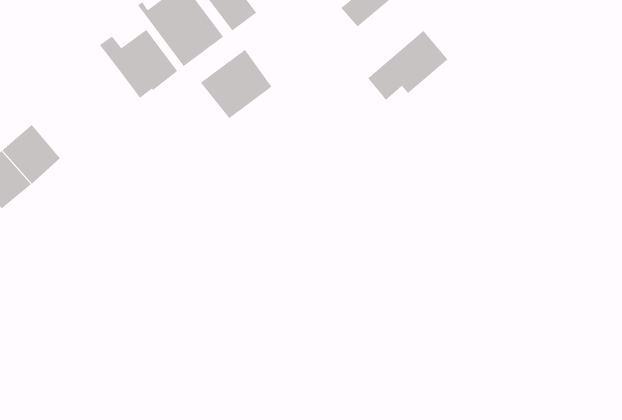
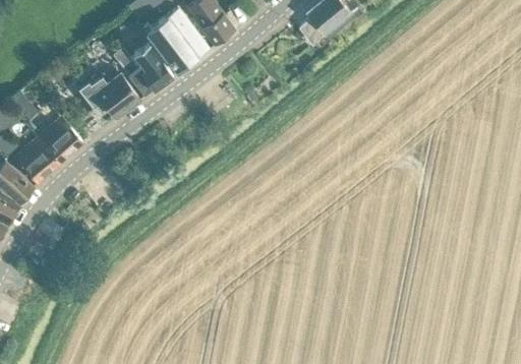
building: [367,30,449,101] -> none
building: [200,49,273,119] -> none
building: none -> [79,73,141,119]

